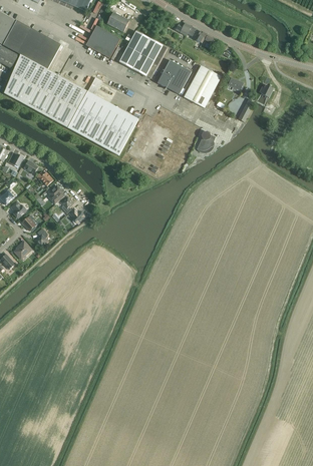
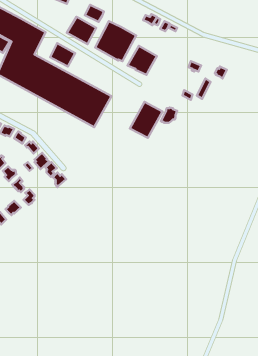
building: none -> [50,43,75,66]
building: [183,65,221,107] -> [130,102,162,138]

